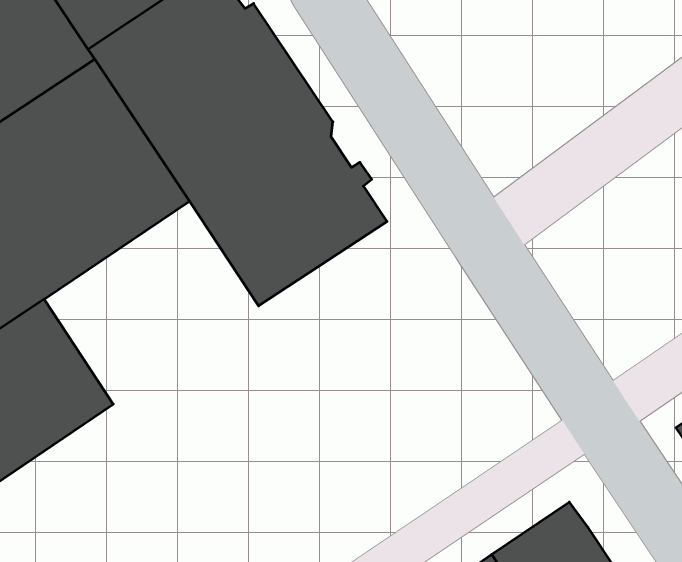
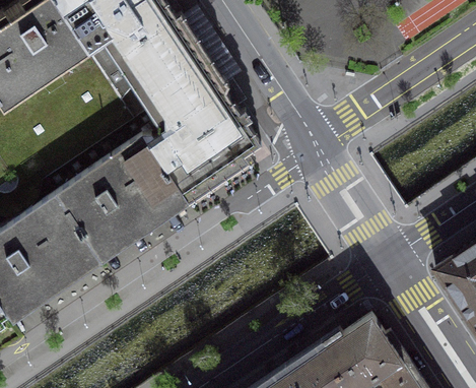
building: none -> [57,133,186,255]

